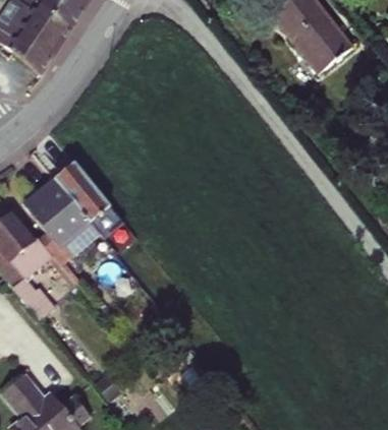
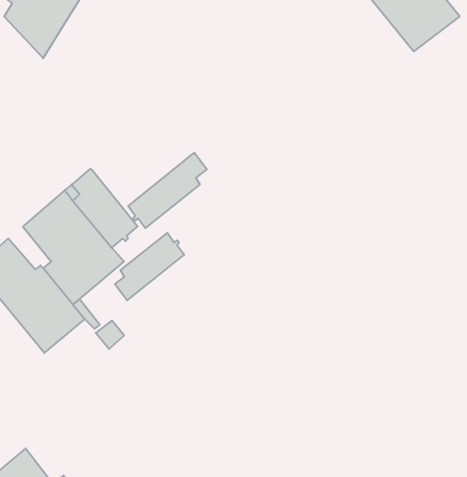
building: none -> [128,153,207,228]
building: none -> [115,233,184,300]

